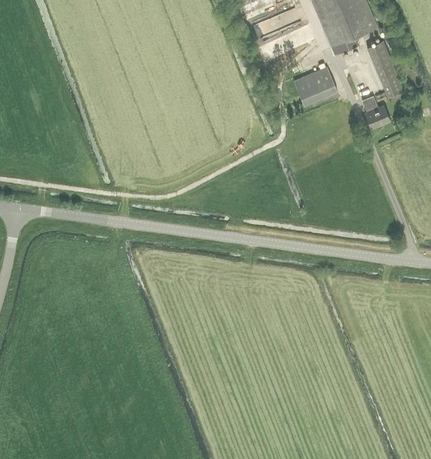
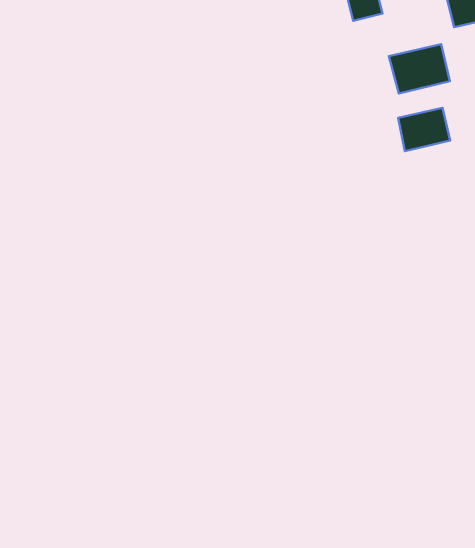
building: none -> [398,108,450,151]

